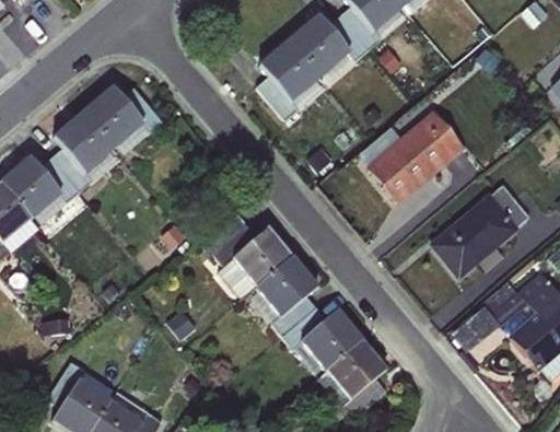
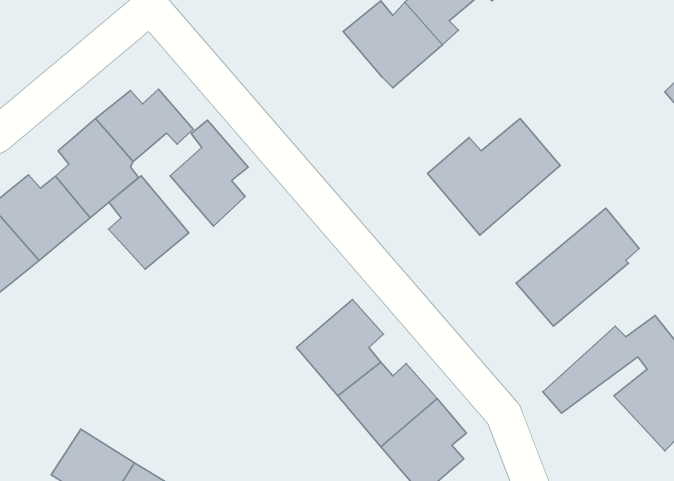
building: [256,38,319,119] -> none
building: none -> [170,120,248,226]
building: none -> [109,176,189,269]
building: [215,227,295,296] -> none

